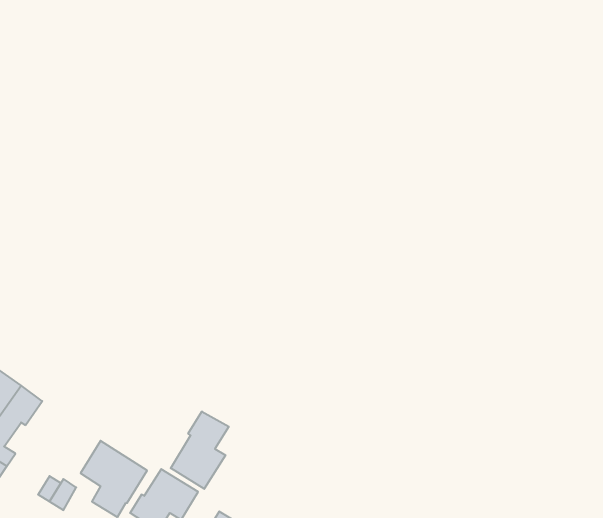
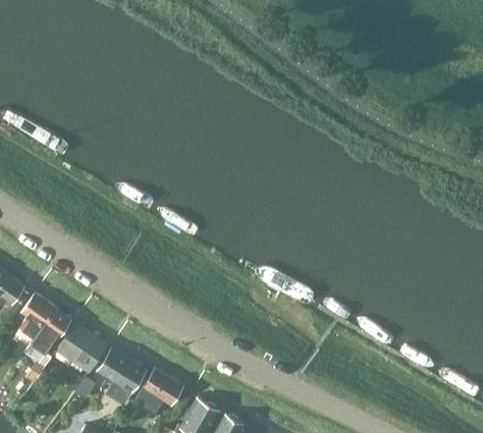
building: none -> [56,323,107,372]
building: [171,411,229,489] -> none

